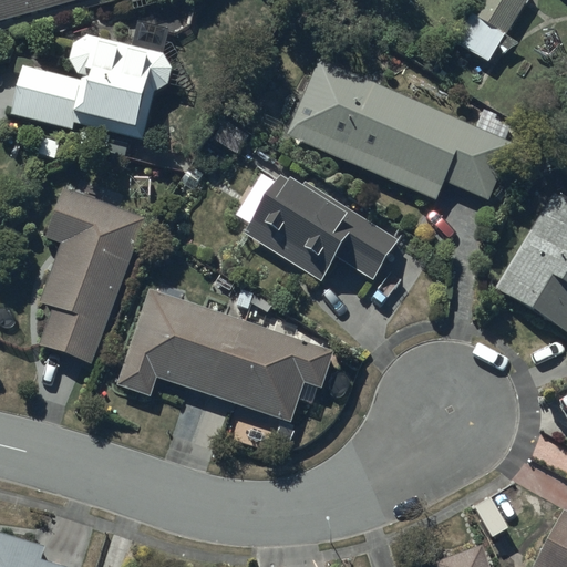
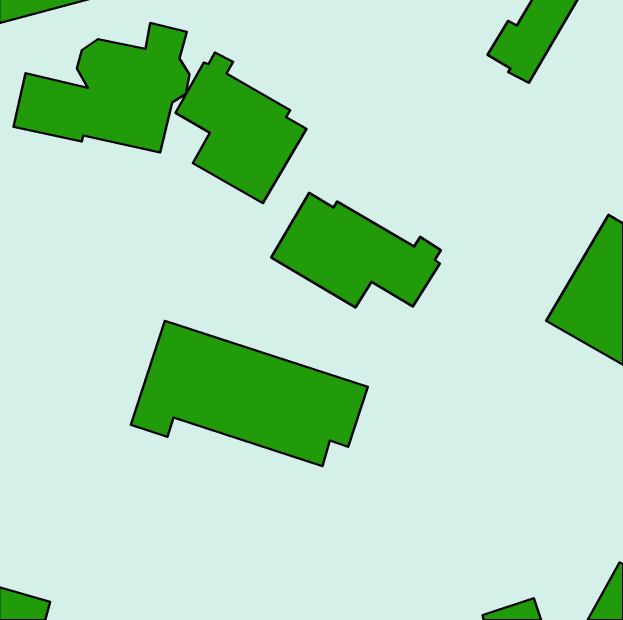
building: none -> [176,53,306,203]
building: [287,59,512,199] -> none
building: [39,181,147,362] -> none

